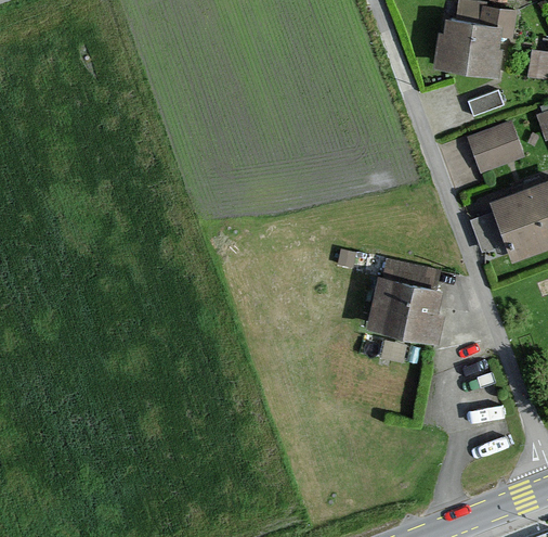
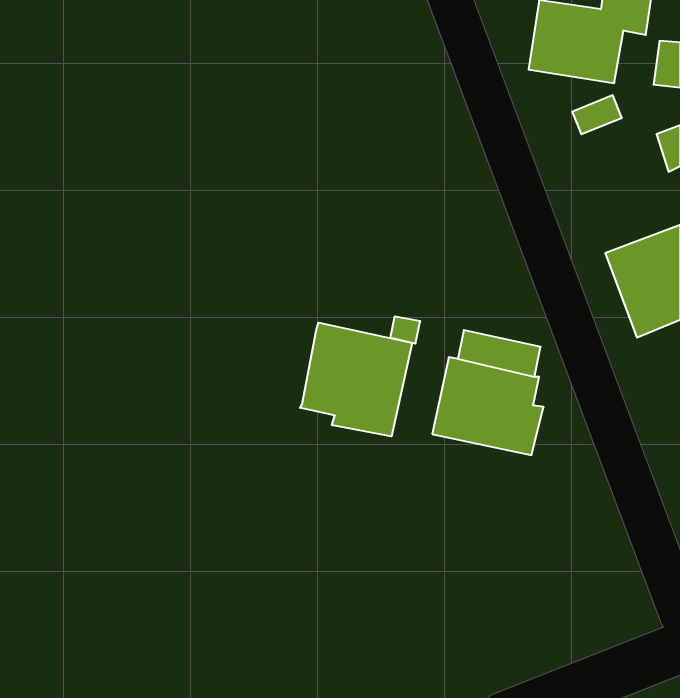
building: [467,120,522,172] -> none
building: none -> [300,323,412,436]

